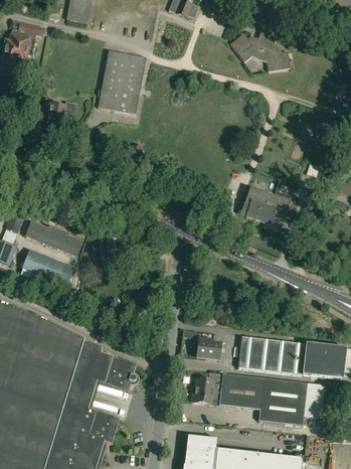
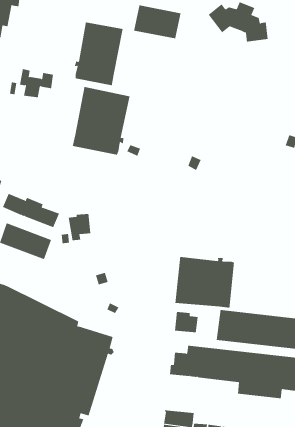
building: none -> [134,5,181,39]
building: none -> [72,86,130,156]
building: [240,186,294,228] -> none
building: none -> [175,256,234,308]

